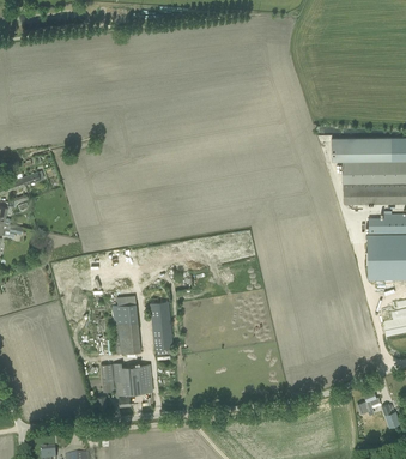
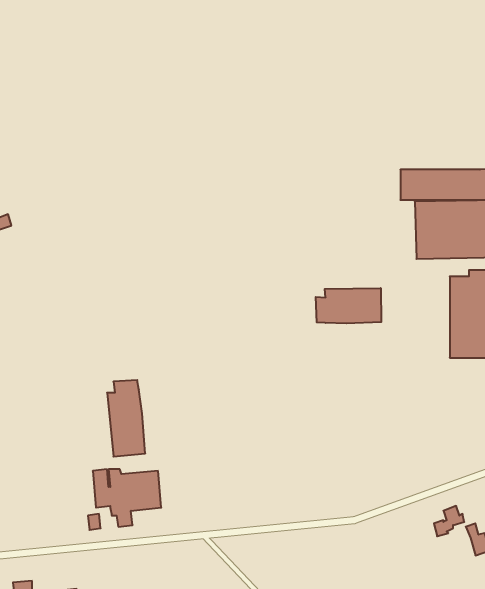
building: none -> [316,288,381,323]
building: [151,301,174,355] -> none

